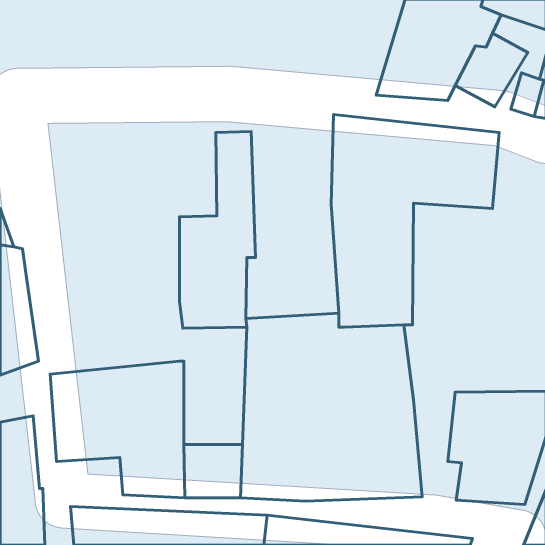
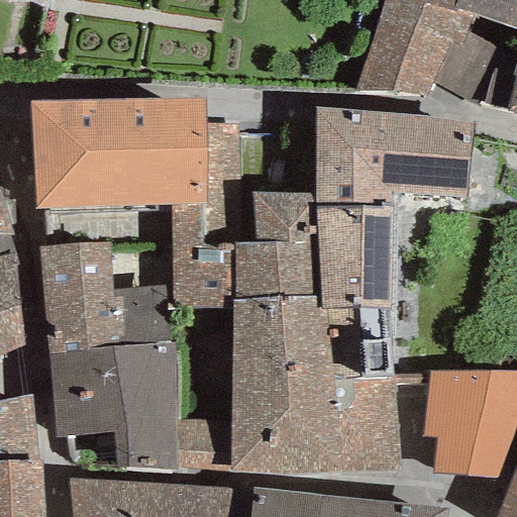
building: none -> [31,99,206,209]
building: none -> [233,191,321,301]
building: none -> [38,242,174,353]

